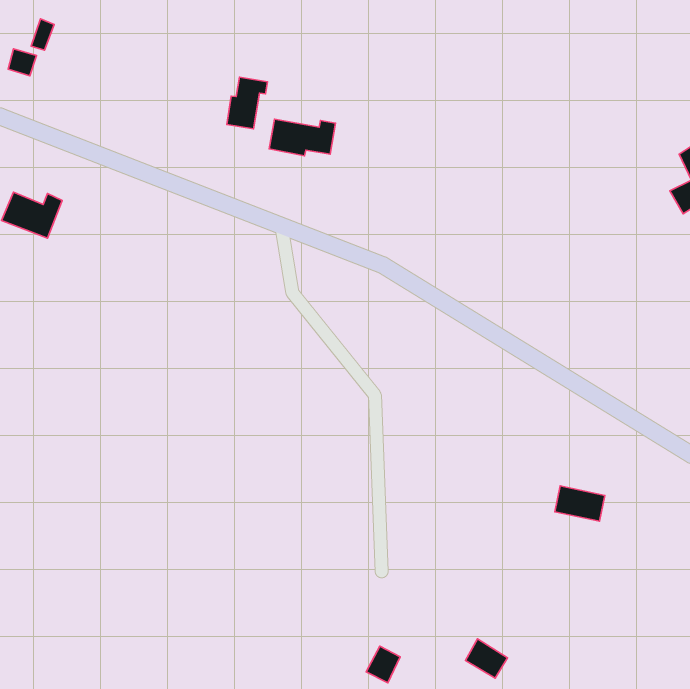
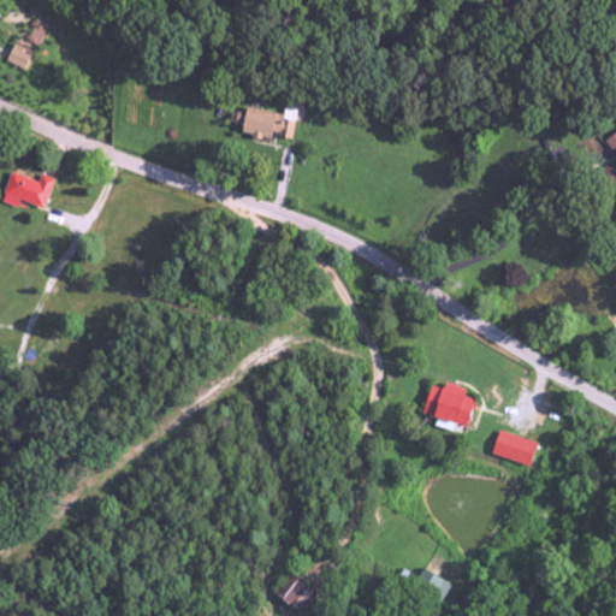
building: [227,77,267,129] -> none
building: none -> [425,383,475,427]
building: [366,646,400,683] -> [279,573,309,605]

